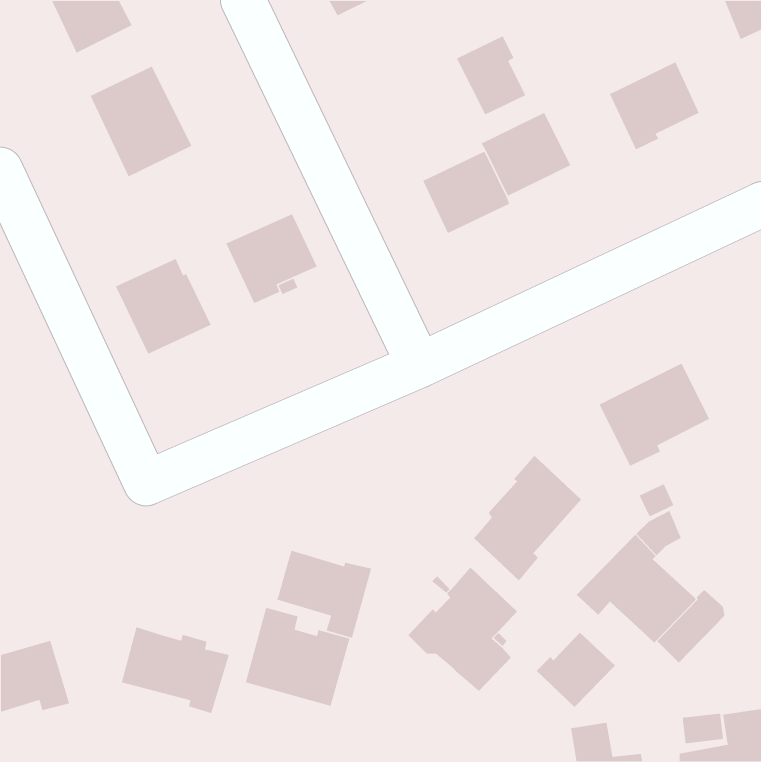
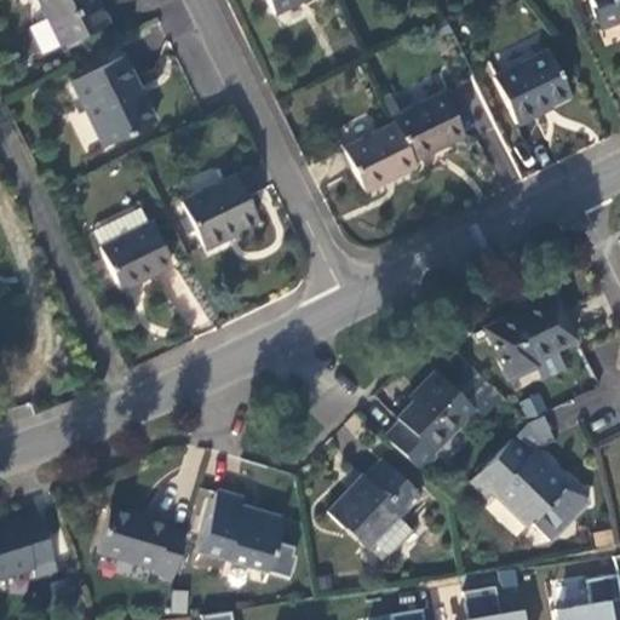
building: [456,35,527,115] -> none
building: [276,550,372,639] -> none
building: [536,632,616,708] -> none

